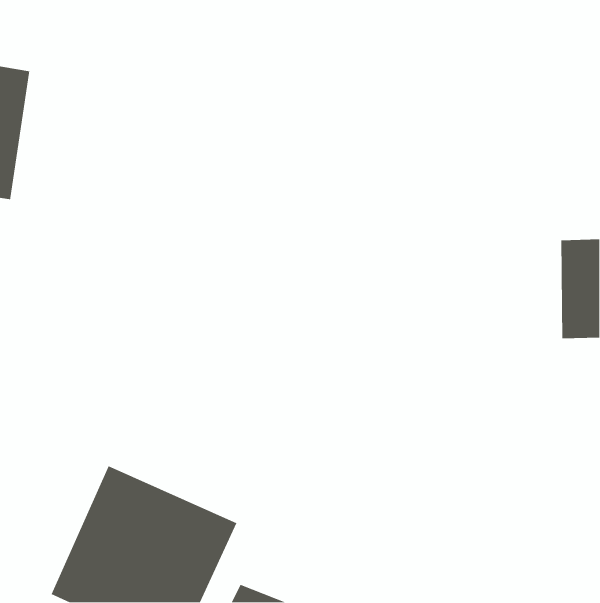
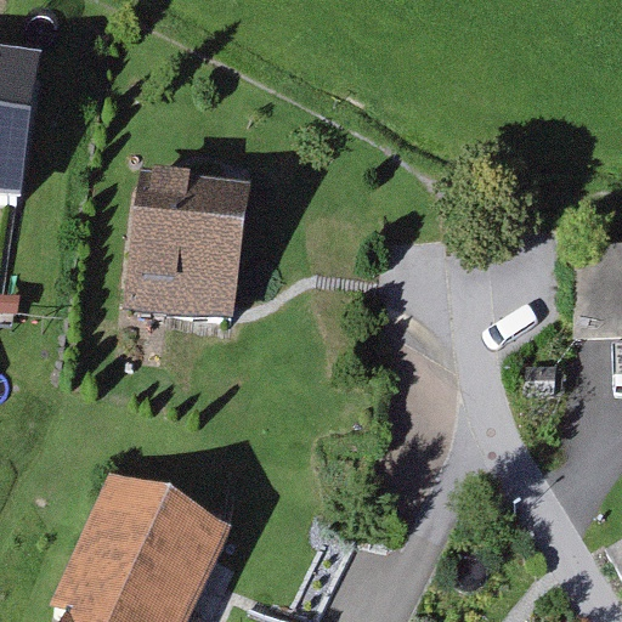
building: none -> [131,171,249,316]

